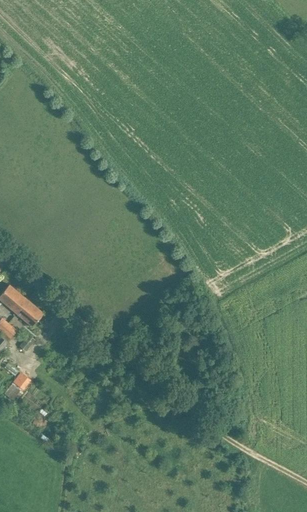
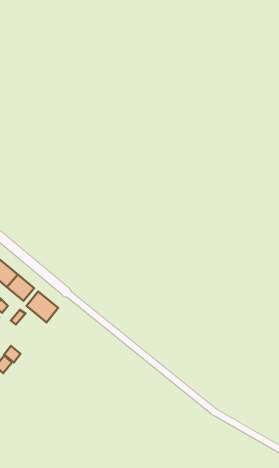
building: none -> [27,291,58,322]

